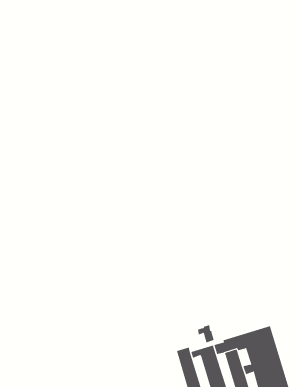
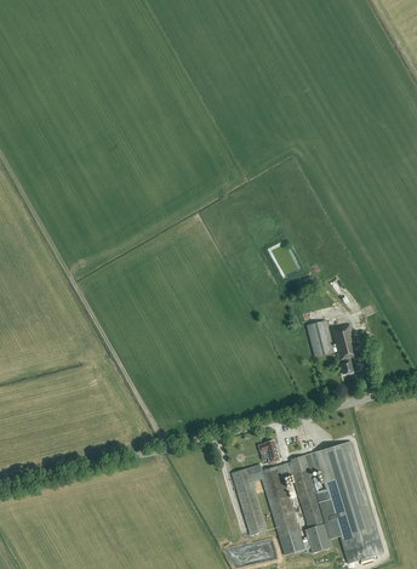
building: none -> [307,322,358,375]

